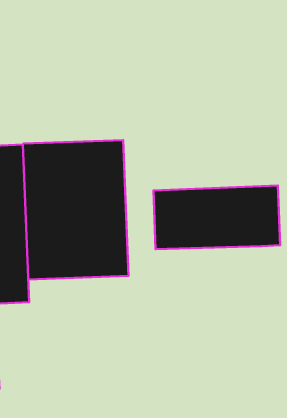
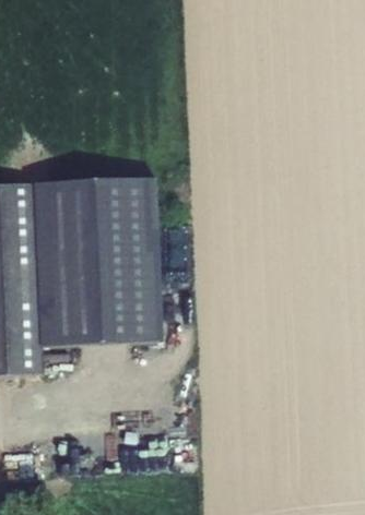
building: [153,186,280,249] -> none

